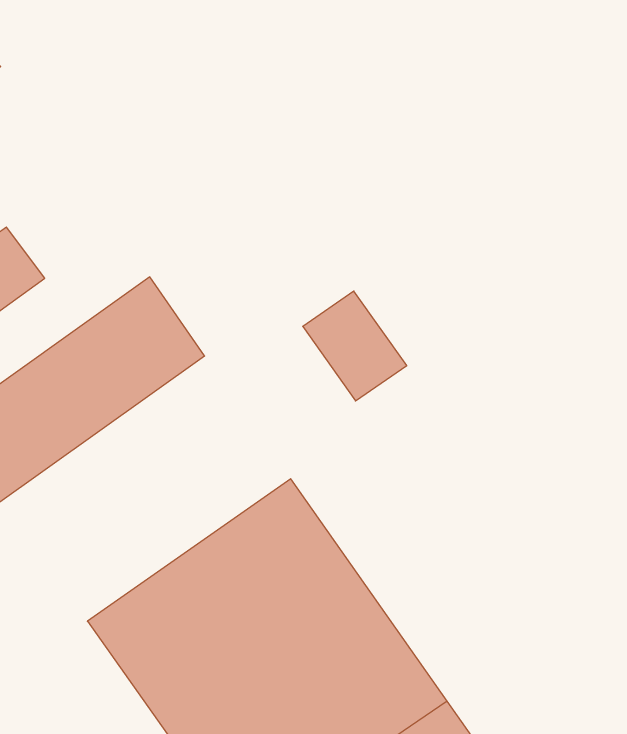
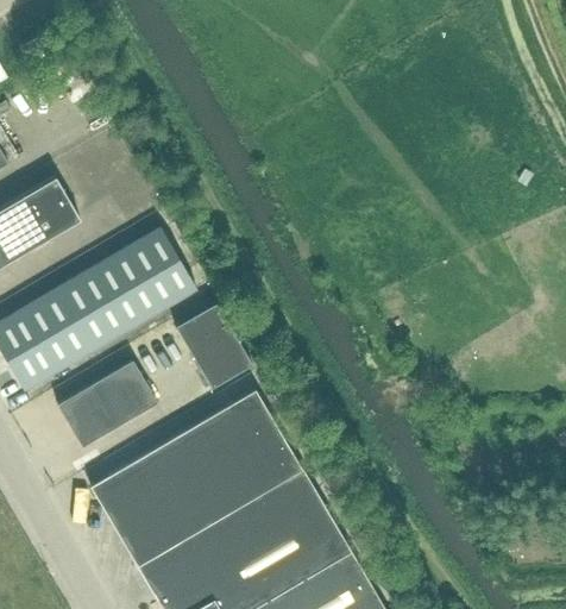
building: [303,291,407,401] -> [176,304,253,389]
building: none -> [58,362,158,448]

